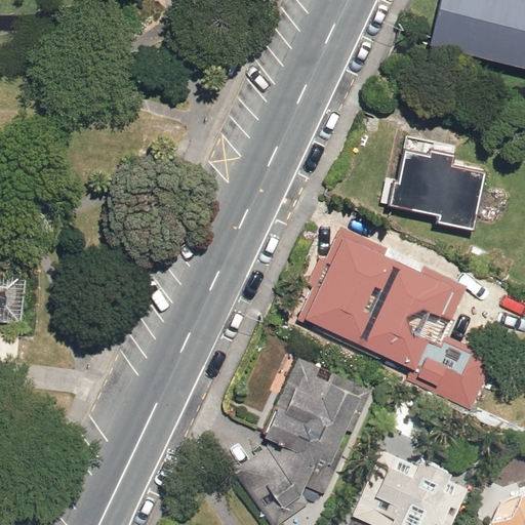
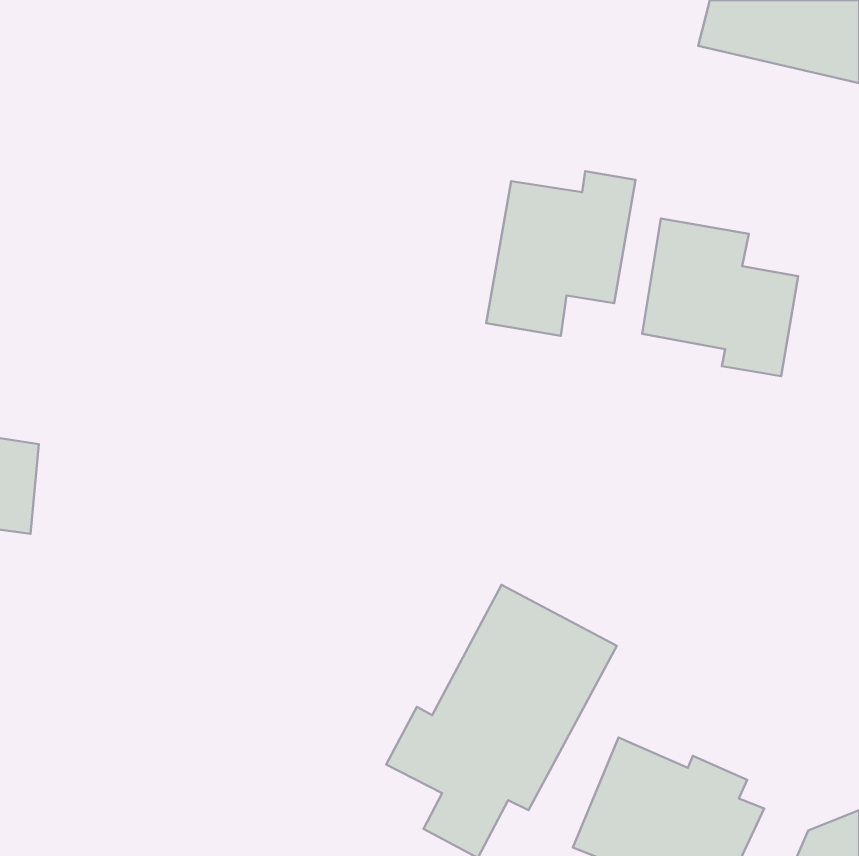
building: none -> [486,171,636,336]
building: [308,230,476,392] -> none

